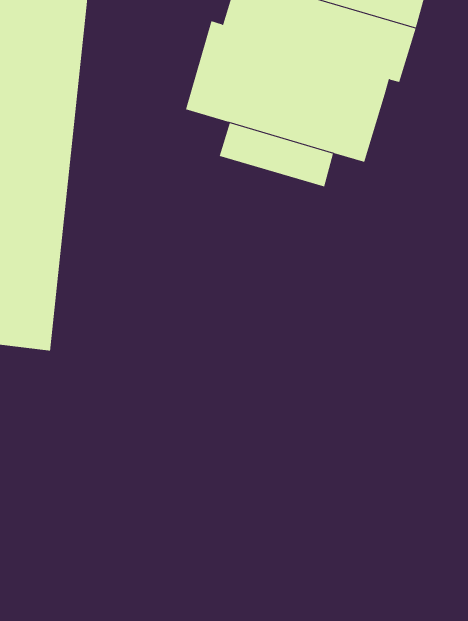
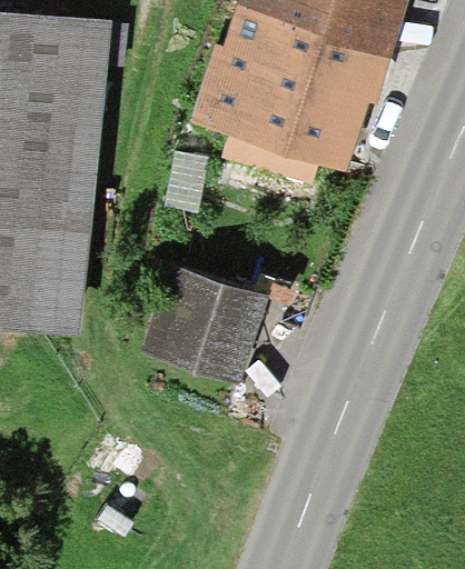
building: none -> [141,260,268,380]

